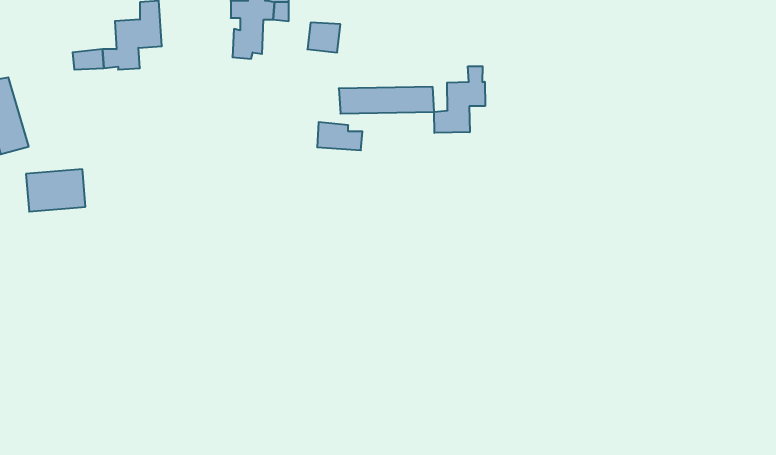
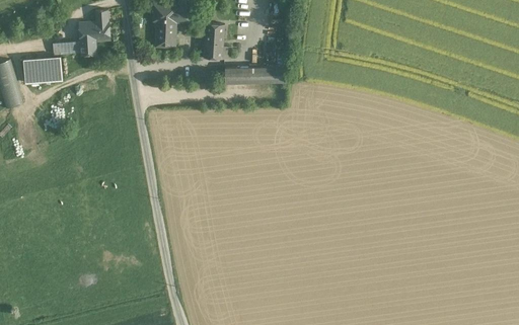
building: [434,66,485,133] -> none
building: [317,122,362,150] -> [202,42,231,60]
building: [26,169,85,212] -> [22,57,61,84]

